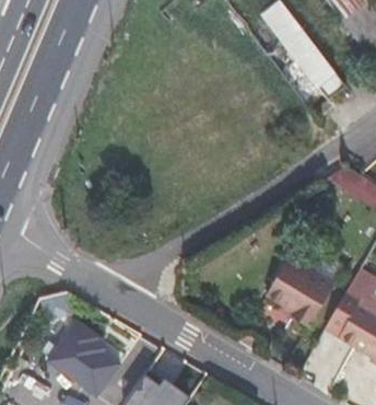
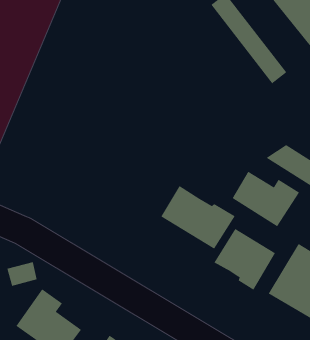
building: none -> [232,171,300,227]
building: none -> [161,185,235,250]

